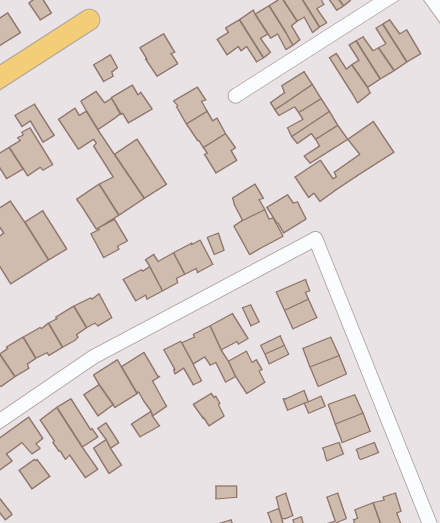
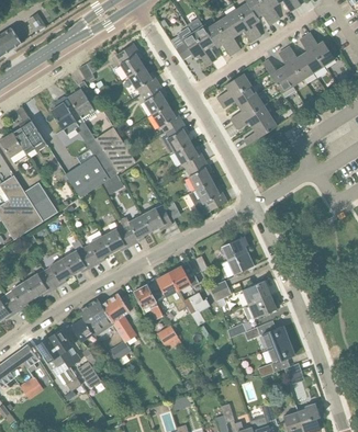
building: [111,85,152,123] -> [127,67,159,96]
building: [295,121,394,201] -> none
building: [267,195,306,233] -> [174,143,204,172]
building: [91,220,127,258] -> [82,236,111,265]

